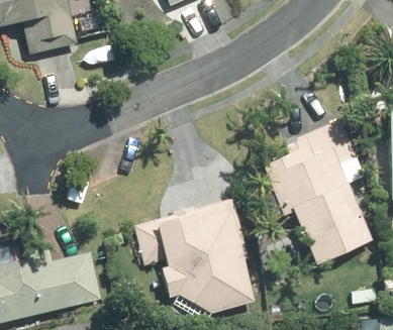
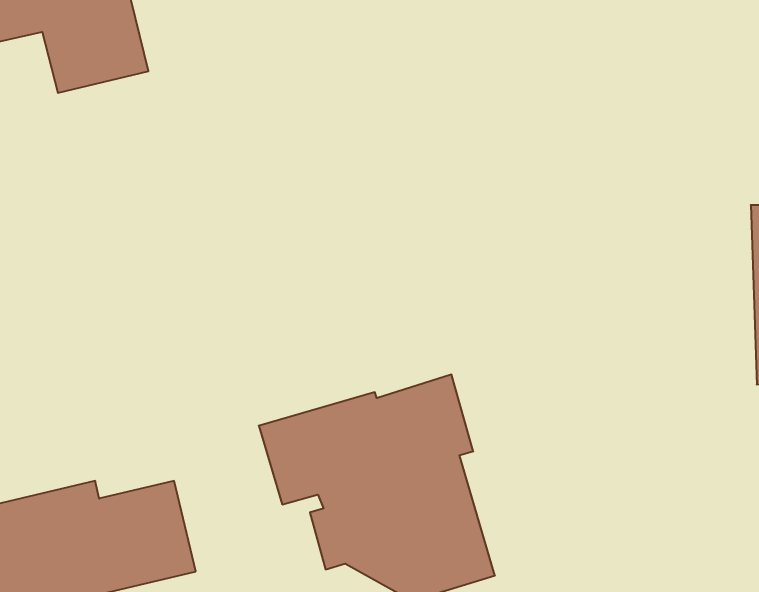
building: [263,119,373,265] -> none

